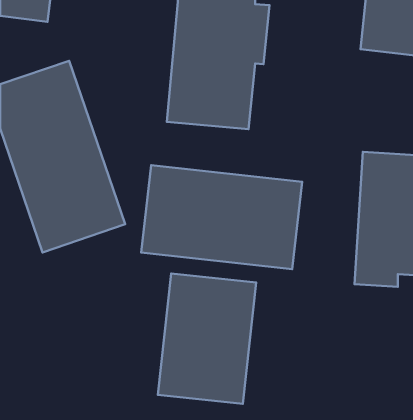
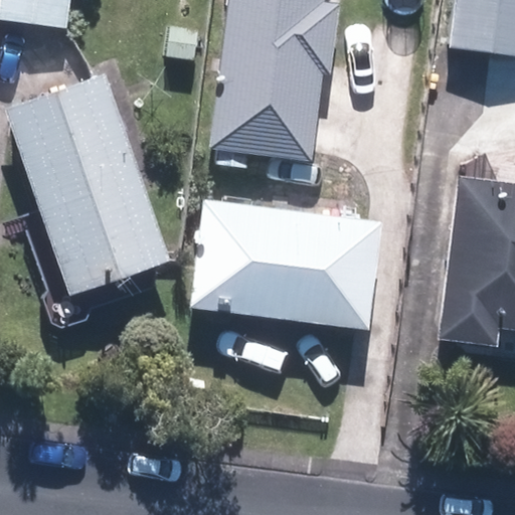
building: [158,273,256,404] -> none

